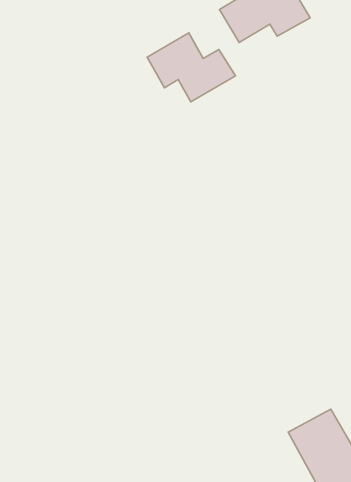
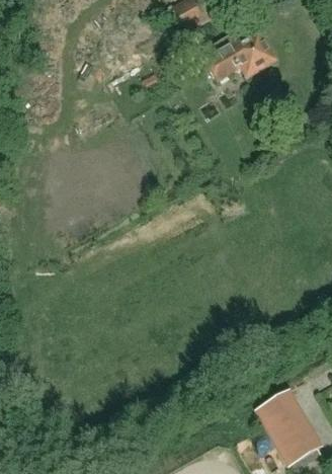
building: [147,33,235,102] -> none

